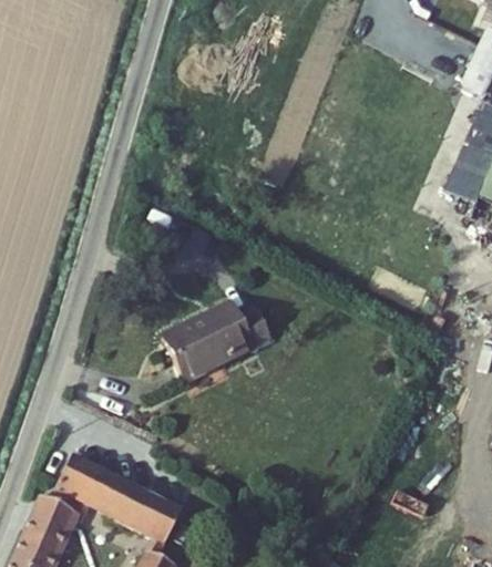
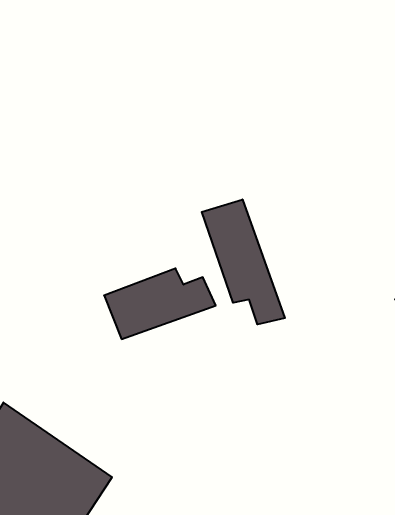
building: none -> [202,199,285,324]

